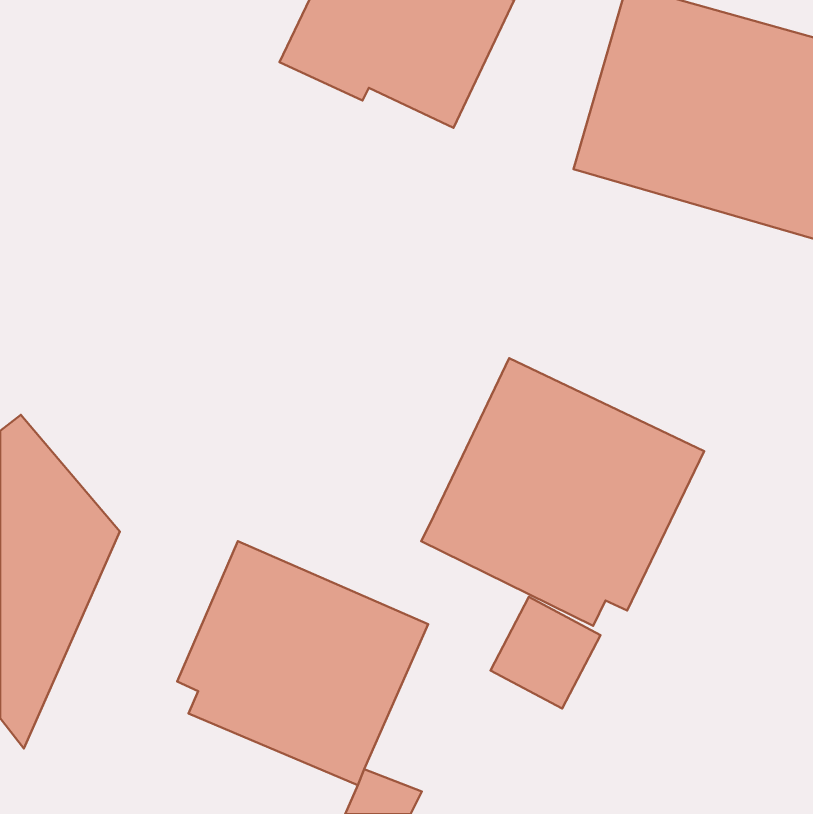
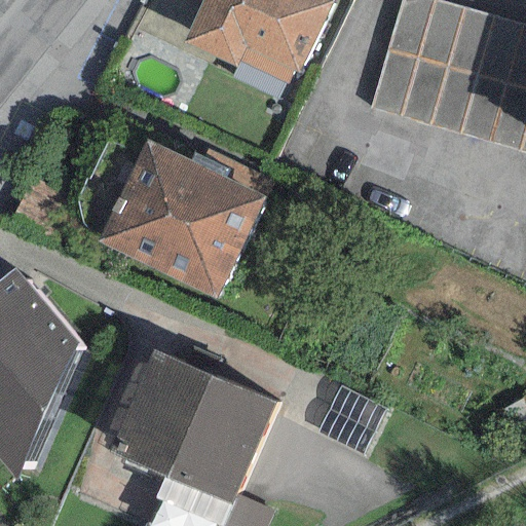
building: none -> [98,140,265,299]
building: [421,358,704,626] -> none

